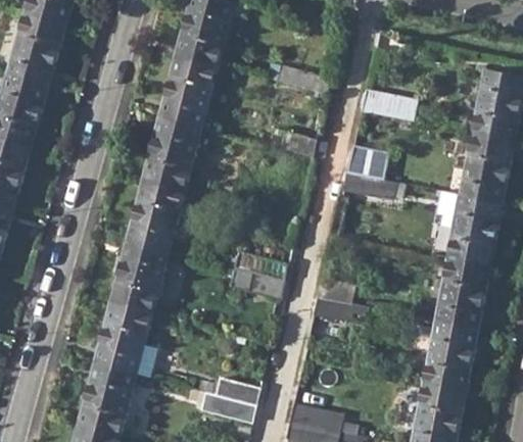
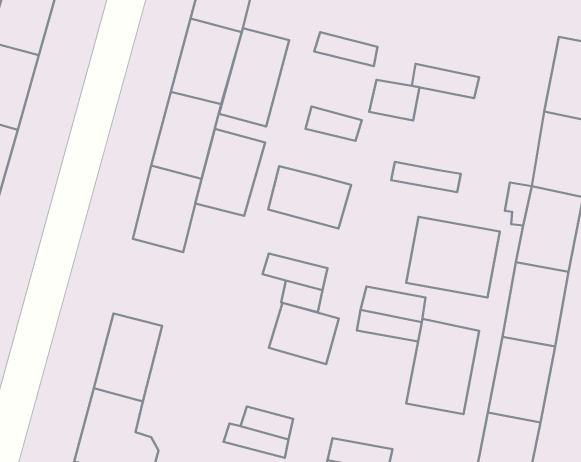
building: none -> [219,28,289,126]
building: [344,147,386,181] -> [369,80,419,120]
building: none -> [268,166,351,229]
building: none -> [406,217,500,298]
building: [109,238,168,310] -> [195,129,265,216]
building: none -> [269,303,339,364]
building: none -> [406,319,479,414]

